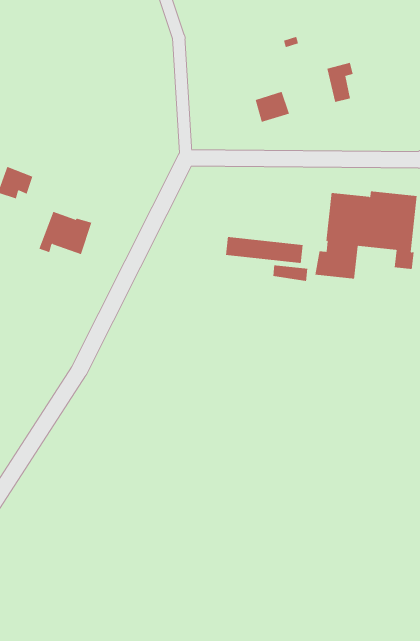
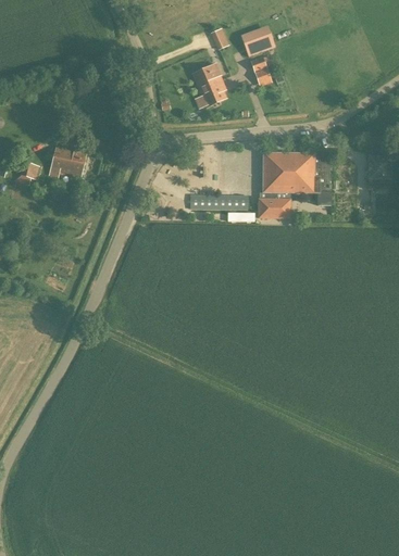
building: none -> [241,25,275,58]
building: none -> [192,64,220,91]
building: [39,211,92,255] -> [49,146,87,177]

